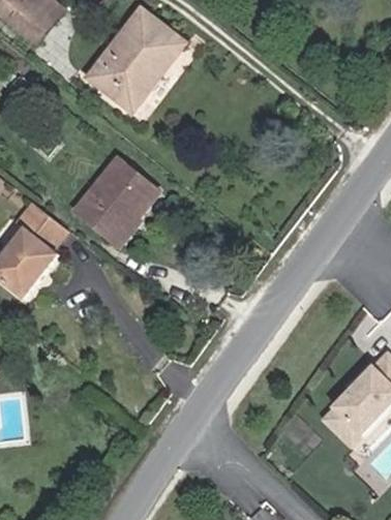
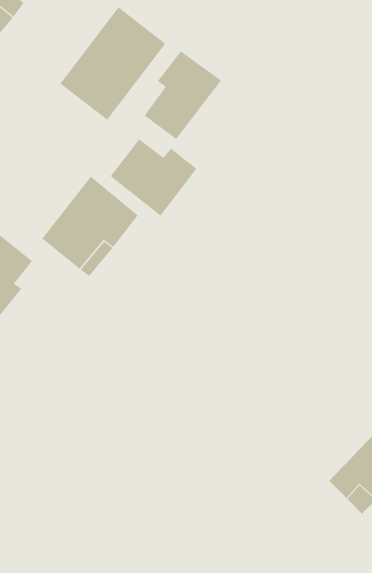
building: none -> [144,50,222,140]
building: none -> [110,139,197,217]

